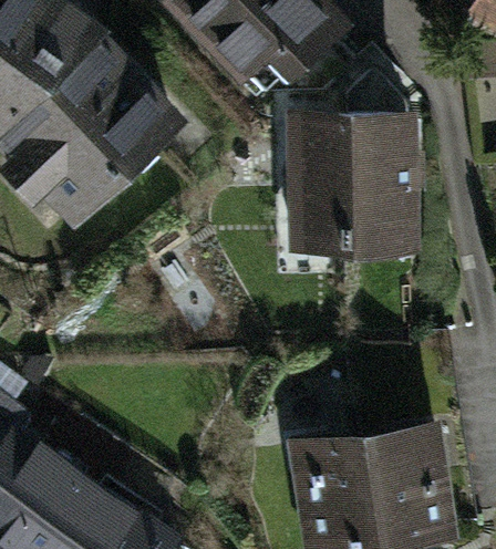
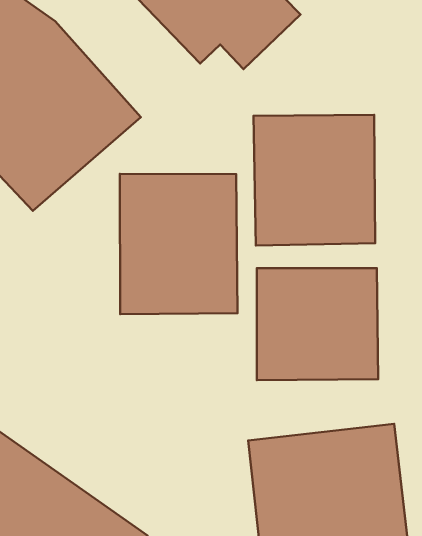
building: none -> [120,174,237,314]
building: none -> [257,268,378,380]

